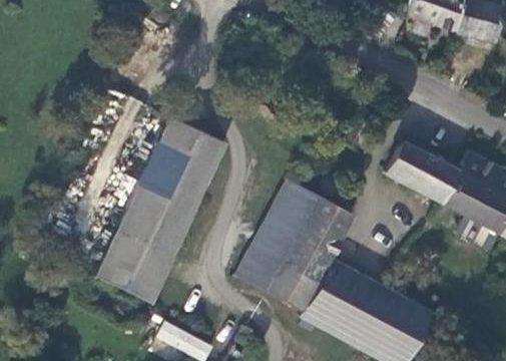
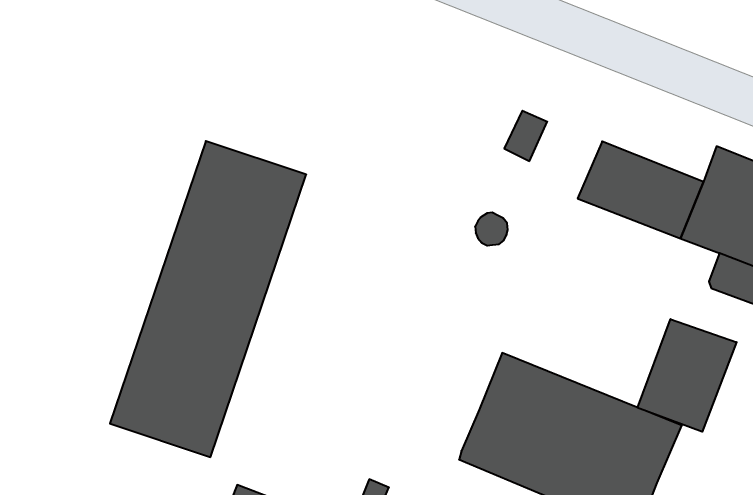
building: [236,178,353,314] -> none
building: none -> [637,319,737,432]

